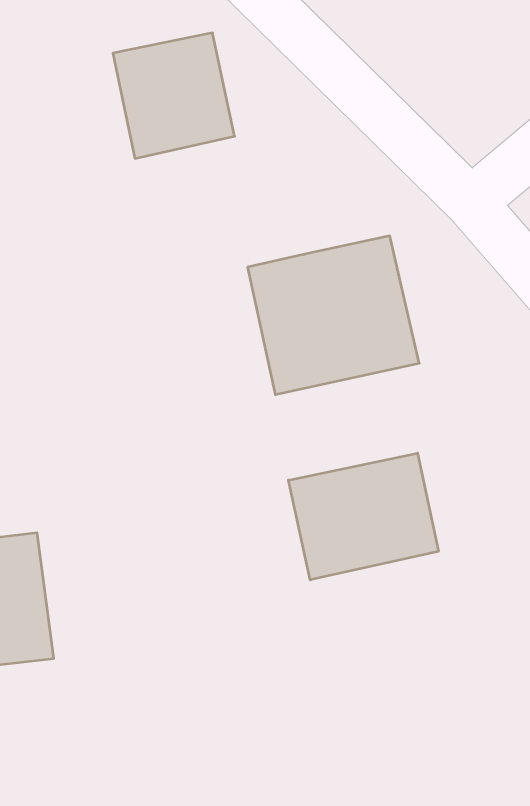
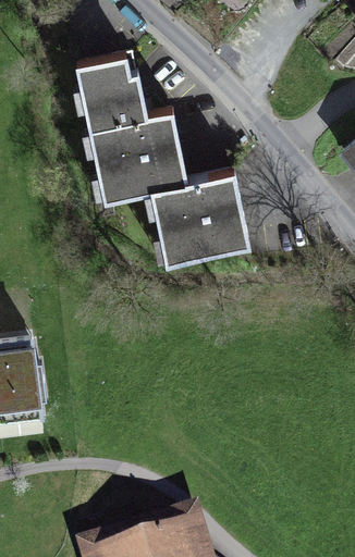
building: none -> [85,108,186,201]
building: [288,453,438,580] -> none

